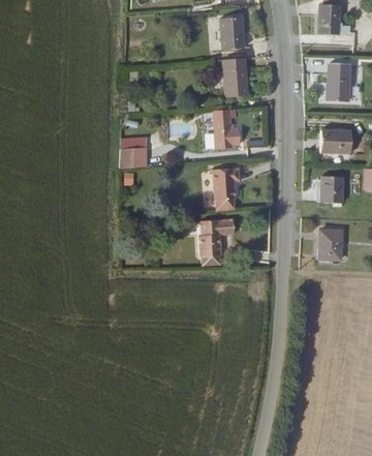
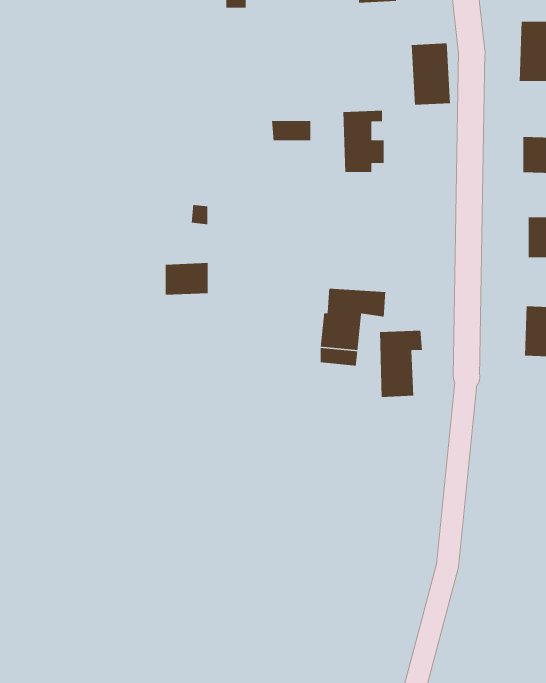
building: [223,61,247,98] -> [411,43,451,105]
building: [123,145,149,164] -> [165,262,208,295]
building: [212,170,238,210] -> [379,330,423,398]

